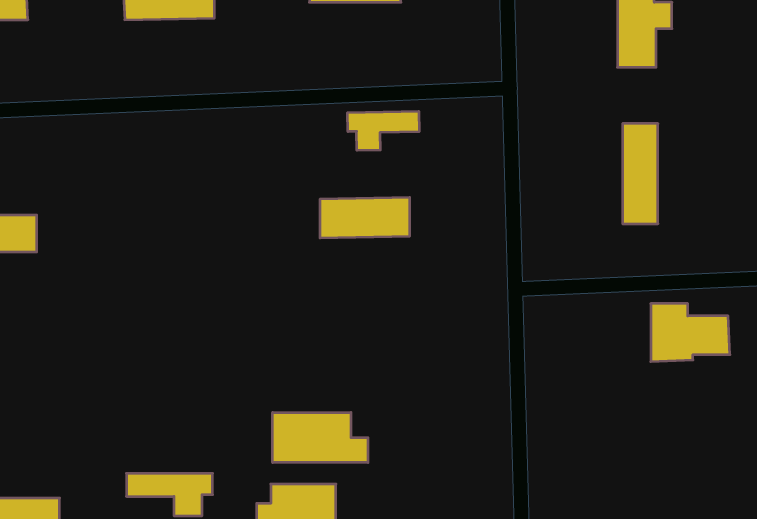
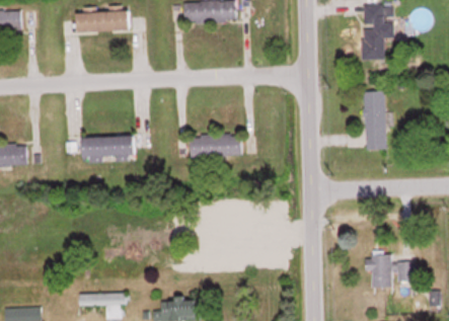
building: [348,111,419,150] -> none
building: none -> [81,136,134,160]
building: [651,304,730,362] -> [370,253,416,287]
building: [273,412,368,463] -> none

